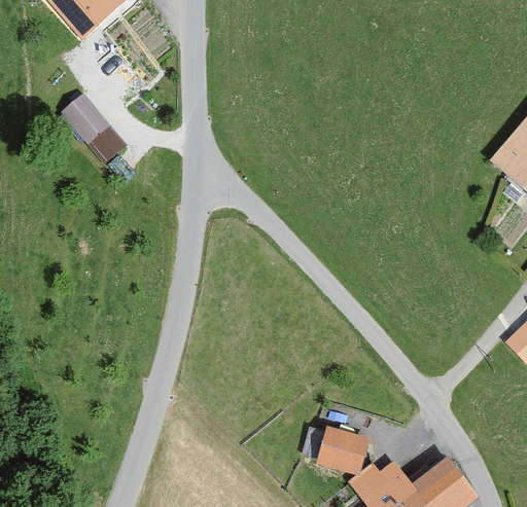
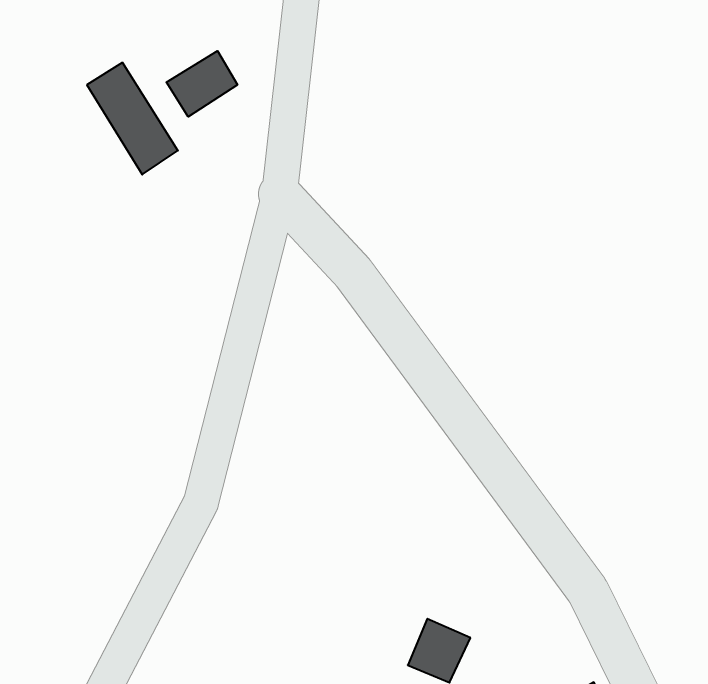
building: none -> [166,51,237,117]

